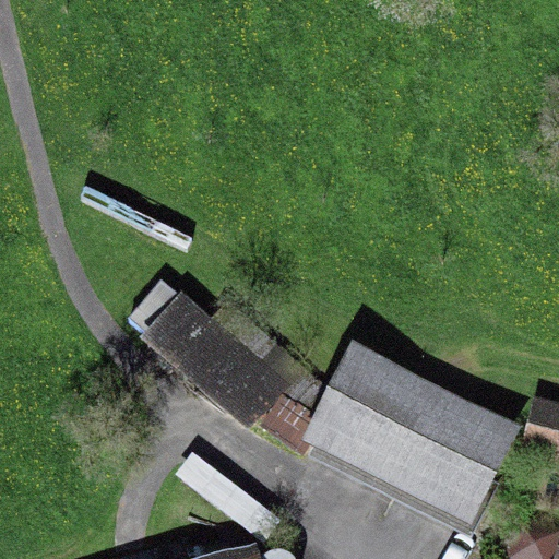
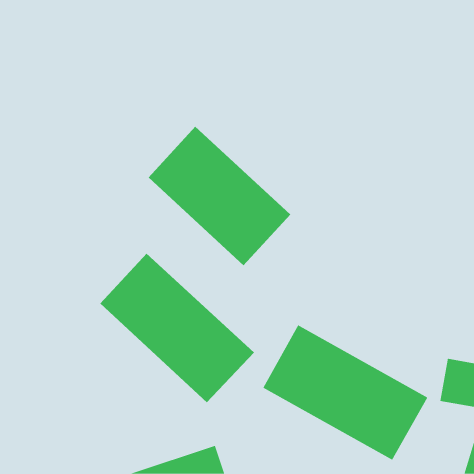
building: none -> [148,126,291,266]

